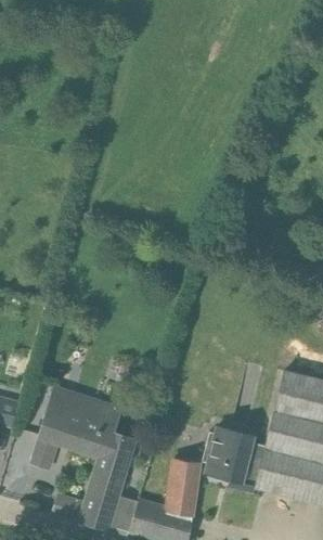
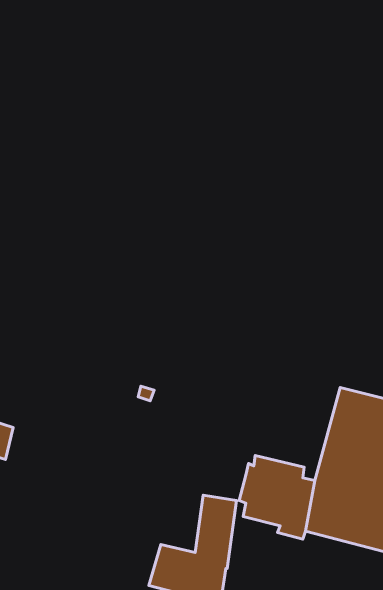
building: [31,389,135,529] -> none

